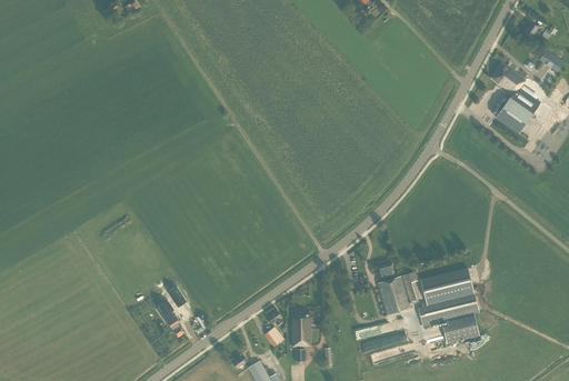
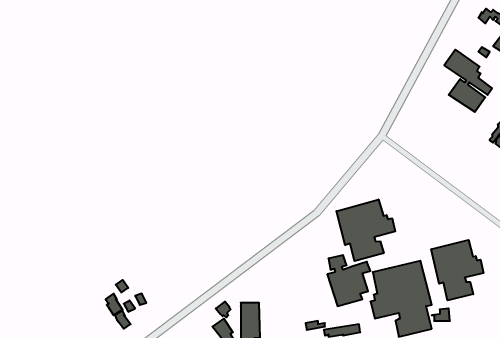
building: none -> [336,199,395,261]
building: none -> [431,240,483,300]

